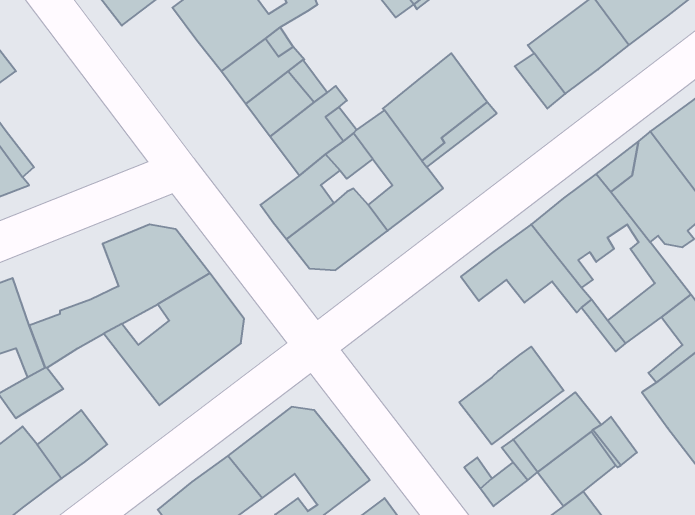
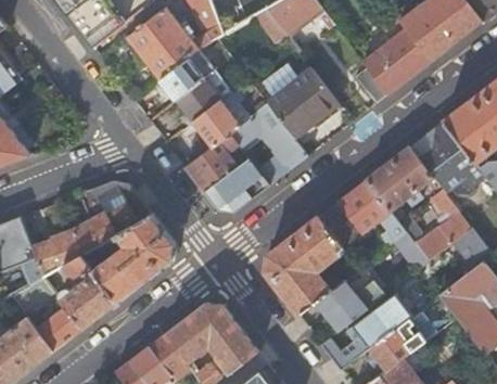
building: none -> [264,216,344,313]
building: none -> [58,254,117,328]

